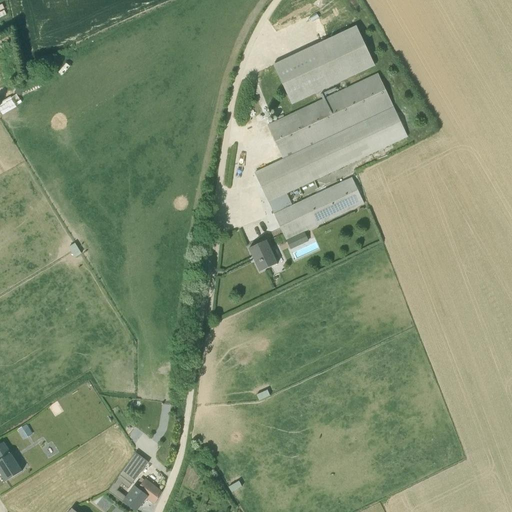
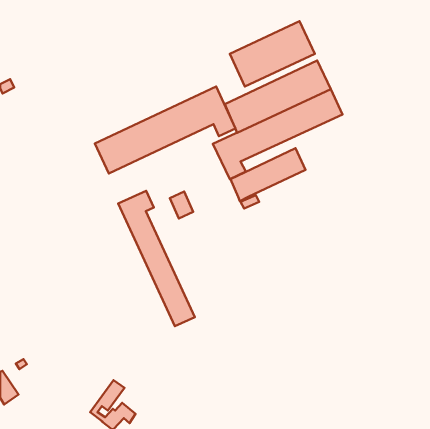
building: none -> [95,86,235,174]
building: none -> [118,191,195,326]
building: [248,239,276,271] -> [170,192,193,218]

